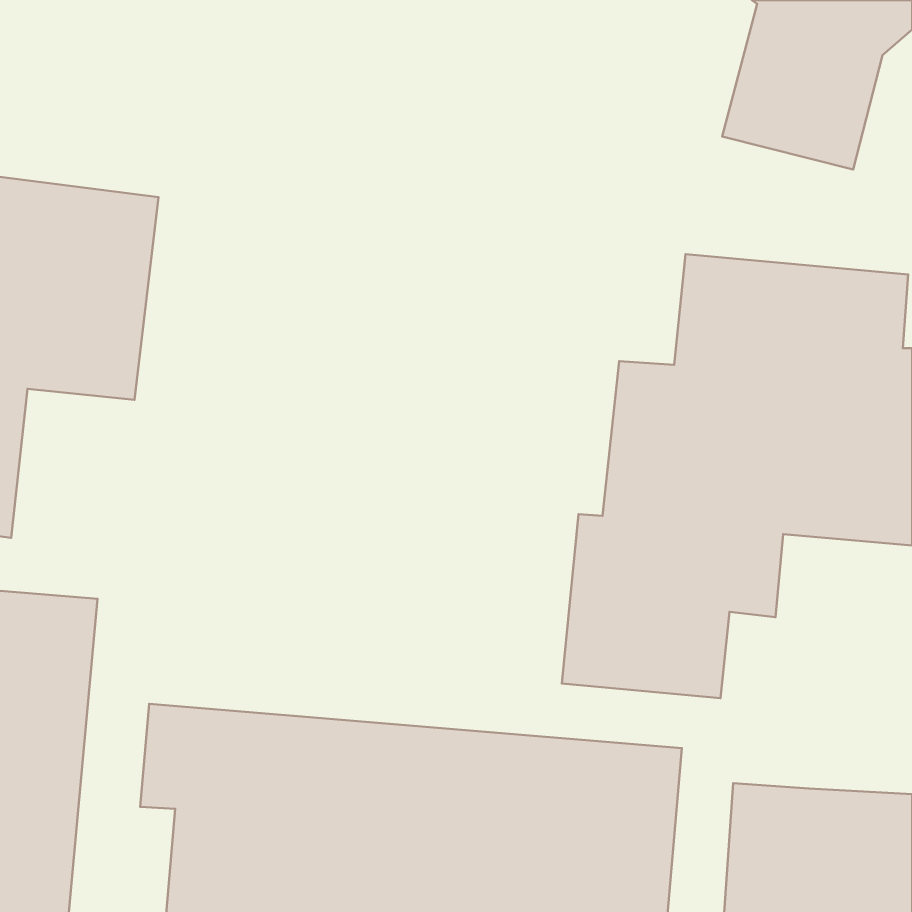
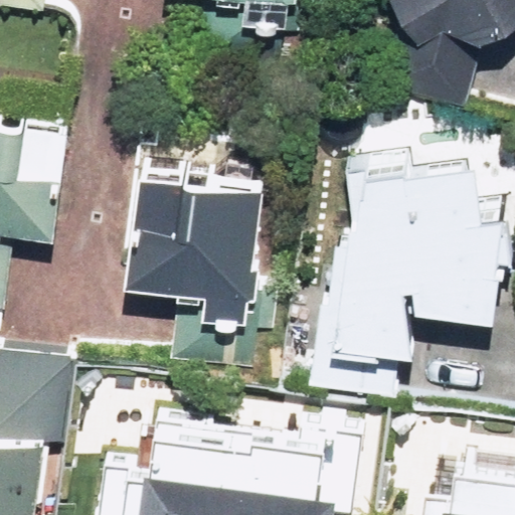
building: none -> [119,178,270,295]

